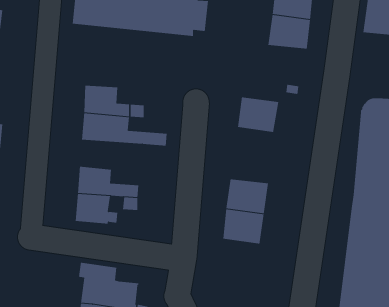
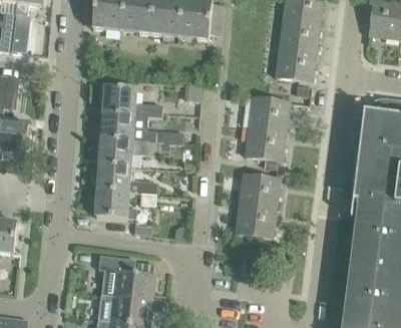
building: none -> [276,47,317,81]
building: none -> [246,125,285,160]
building: none -> [99,137,159,166]

